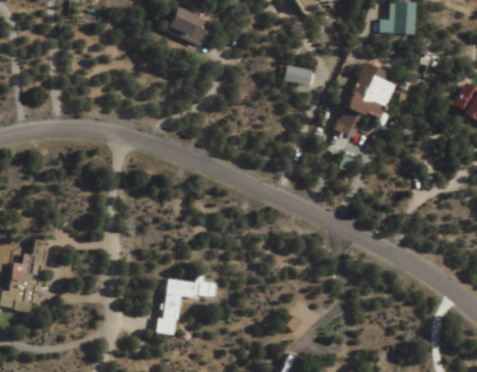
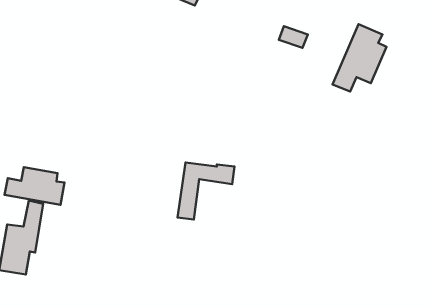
building: none -> [4,167,64,205]
building: [159,277,216,335] -> [177,162,234,220]

